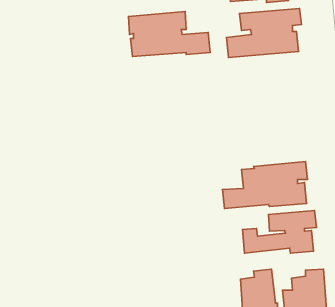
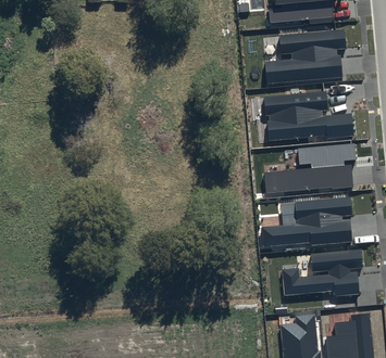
building: [128,12,210,57] -> [263,91,352,140]
building: none -> [263,143,354,193]

